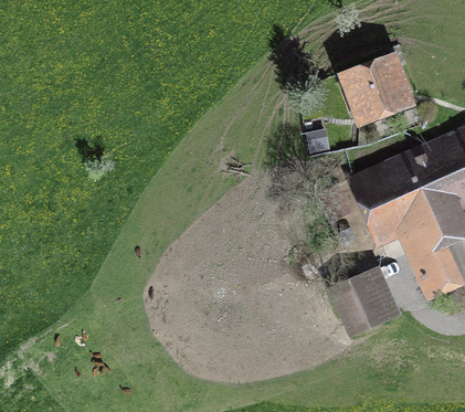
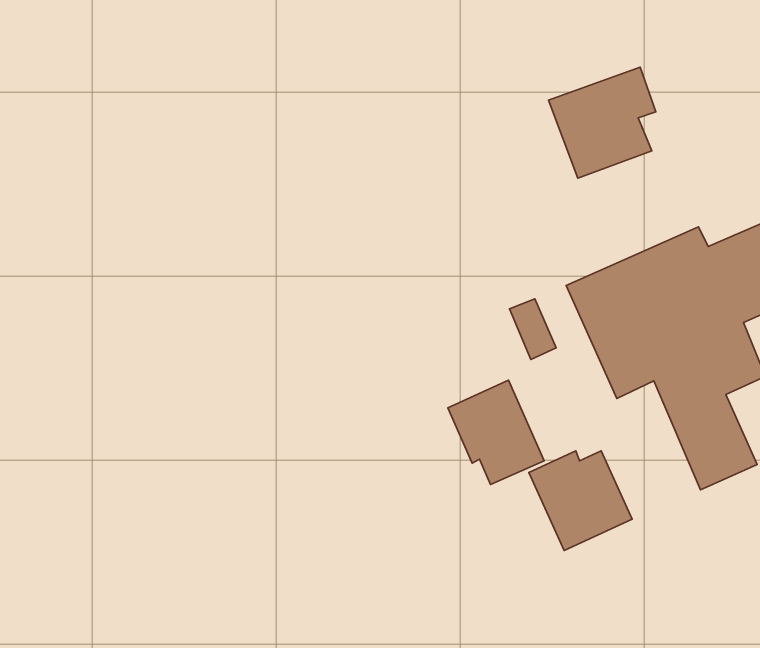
building: none -> [448,380,544,485]

